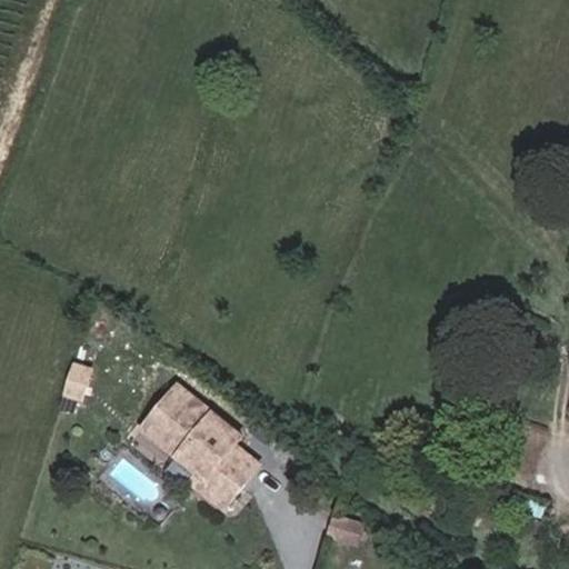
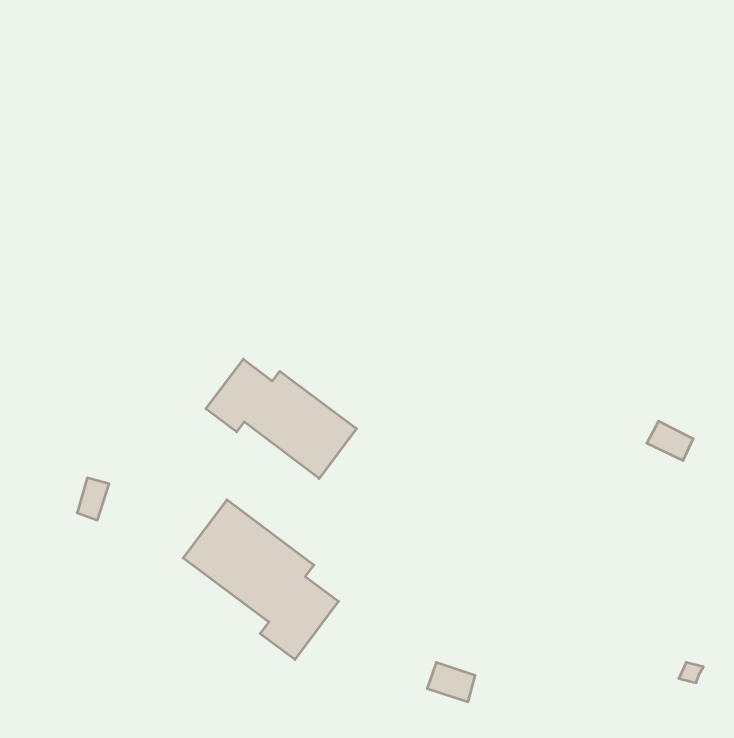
building: none -> [206,359,357,479]

